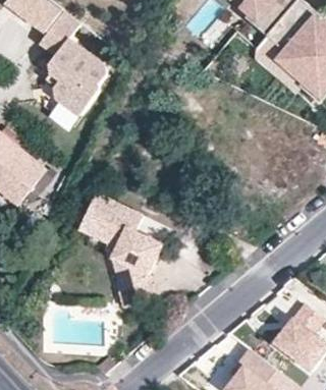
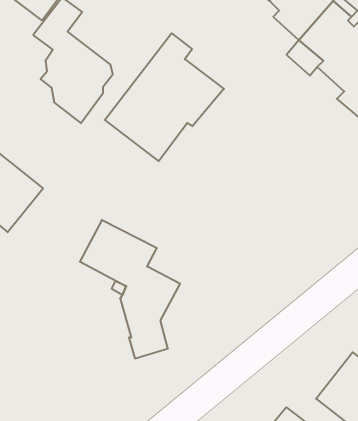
building: none -> [105,33,224,161]

